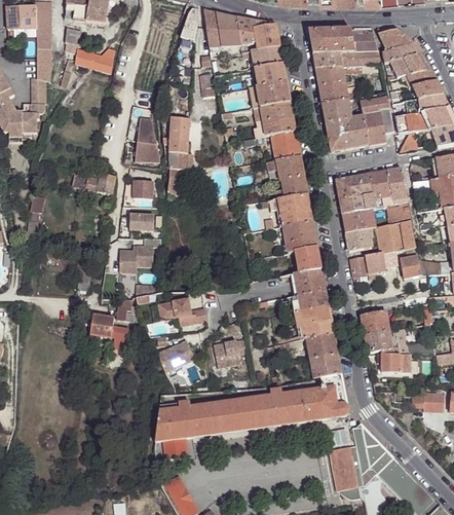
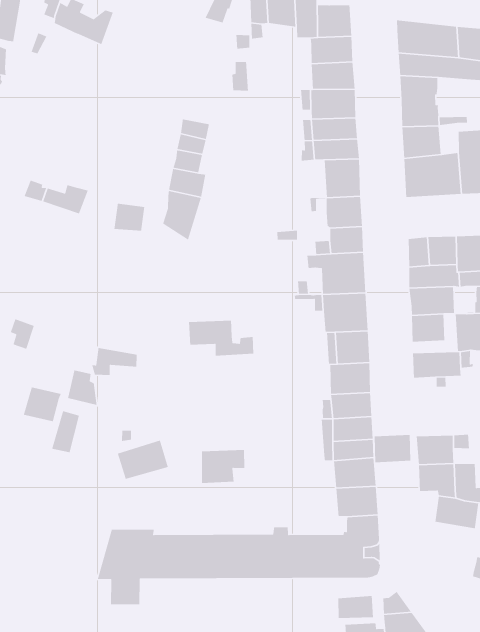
building: [133,117,158,162] -> none
building: [130,214,155,230] -> none
building: [121,245,154,271] -> none
building: [157,297,205,324] -> [188,320,254,357]
building: none -> [374,434,411,463]

